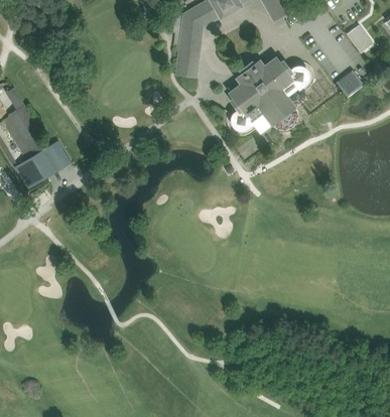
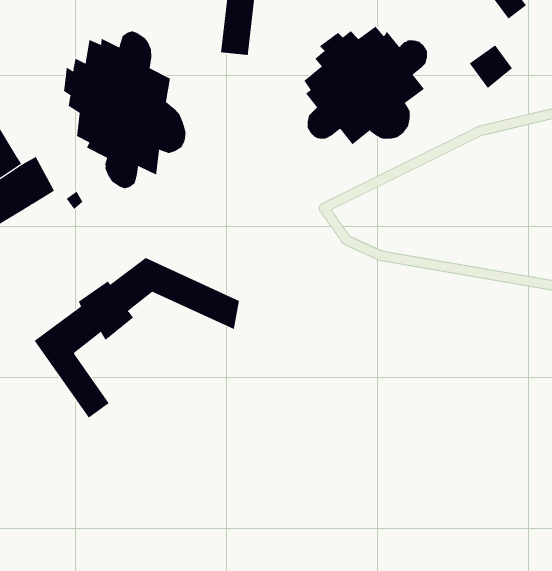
building: none -> [63,31,186,189]
building: none -> [34,257,240,418]

